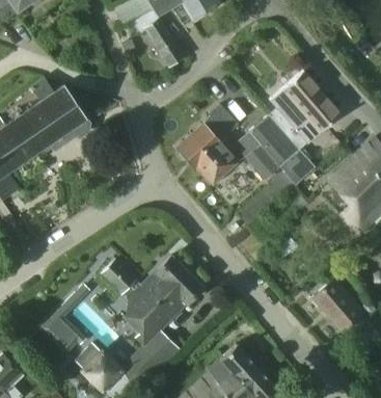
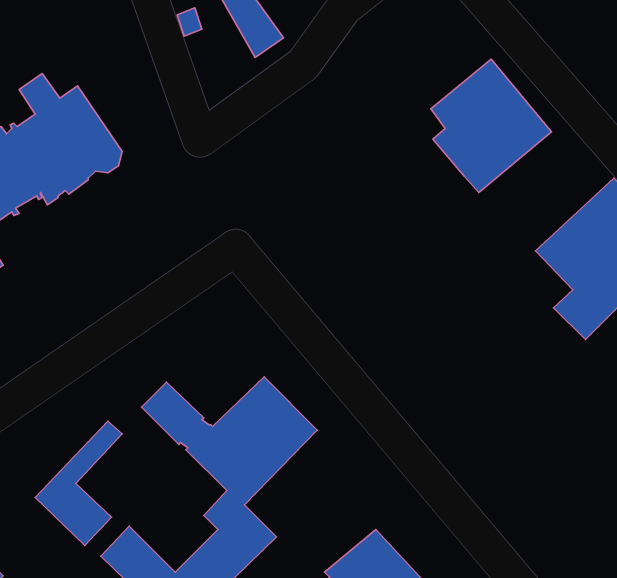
building: [179,105,239,185] -> none
building: [234,114,316,227] -> none
building: [312,278,362,331] -> none

